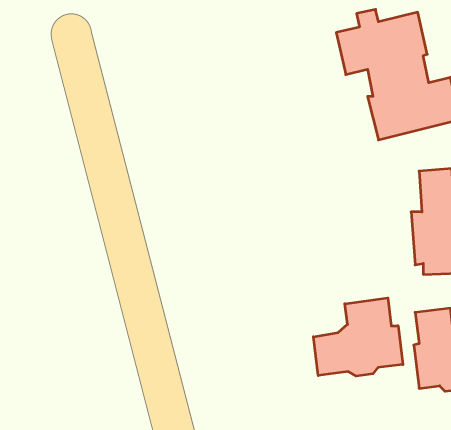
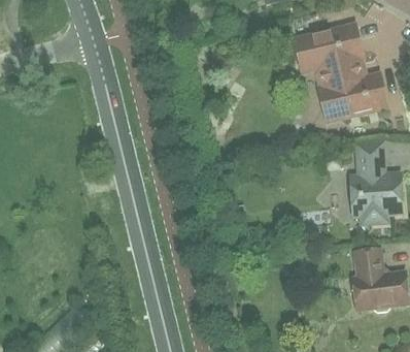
building: [313,298,403,376] -> none

